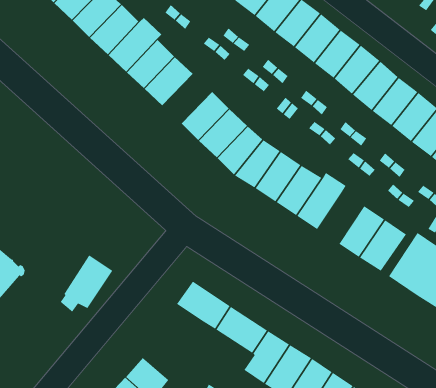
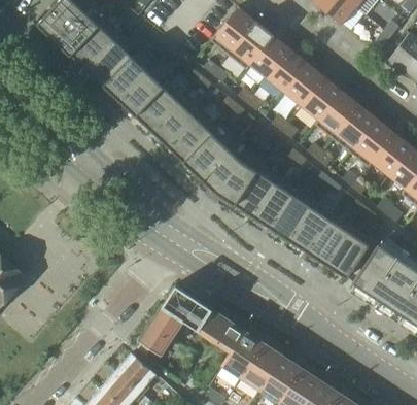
building: none -> [149,101,194,145]
building: none -> [287,206,328,252]
building: [60,255,113,312] -> [136,306,183,358]

